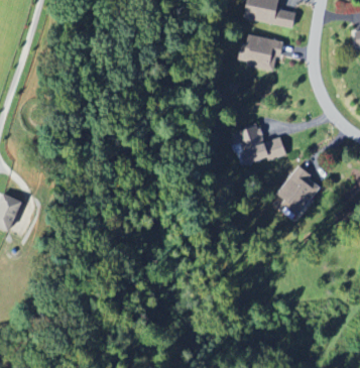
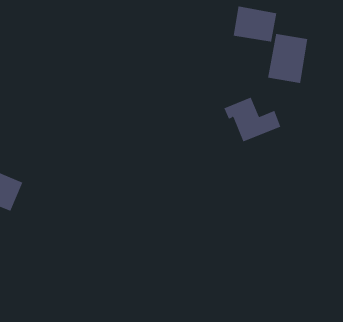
building: none -> [267,33,308,84]
building: [276,164,320,216] -> none

